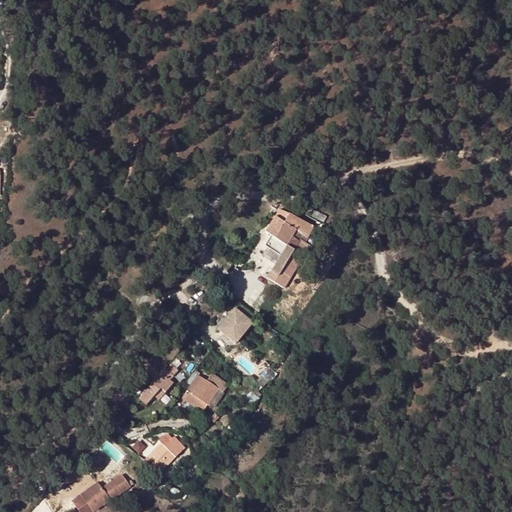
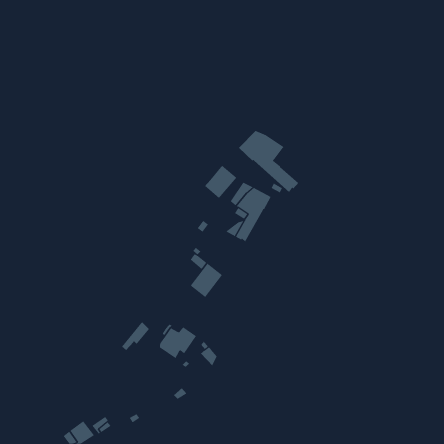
building: none -> [238,130,299,193]
building: none -> [204,165,237,199]
building: [143,435,184,473] -> none

